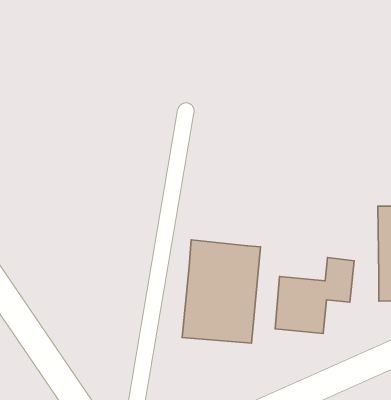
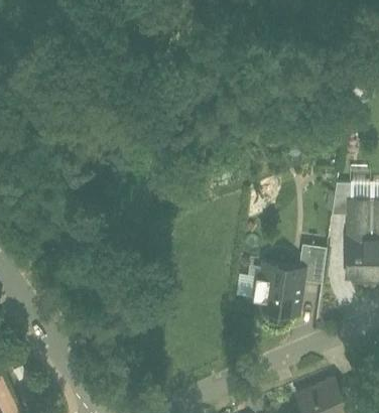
building: [182,240,261,343] -> none

